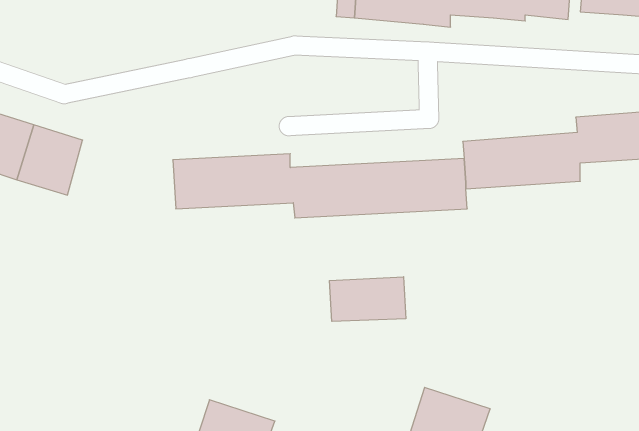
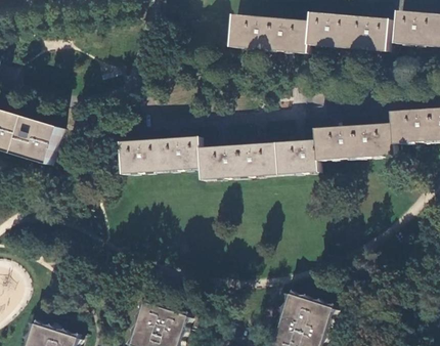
building: [329,277,406,321] -> none

